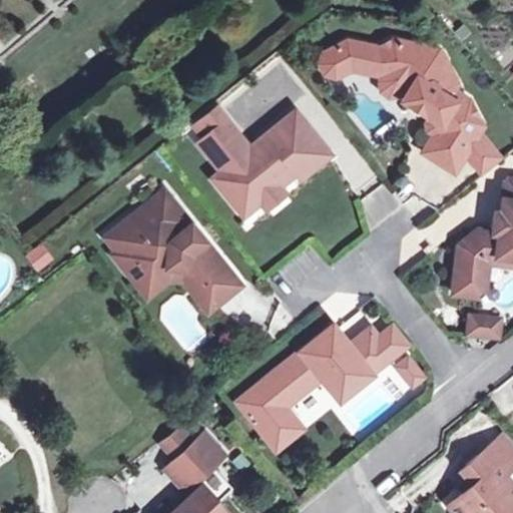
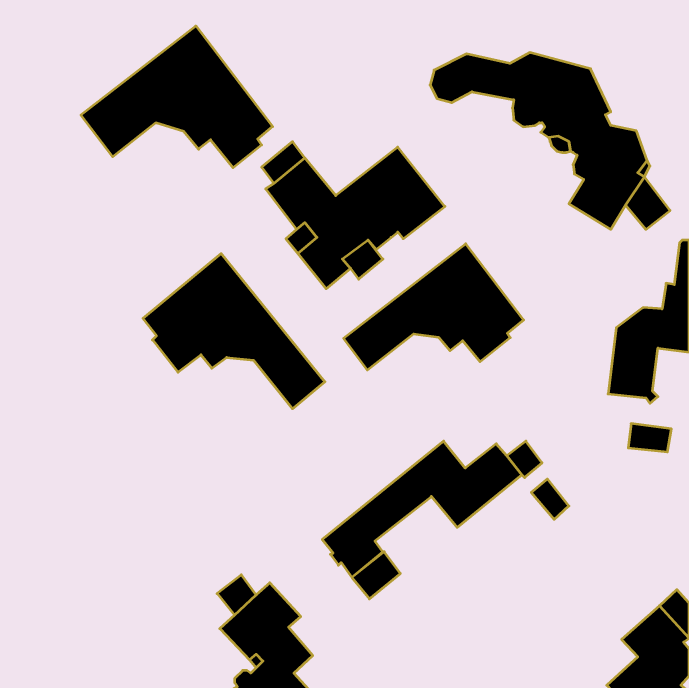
building: none -> [81,26,273,168]
building: none -> [344,244,524,370]
building: [132,265,217,311] -> none

